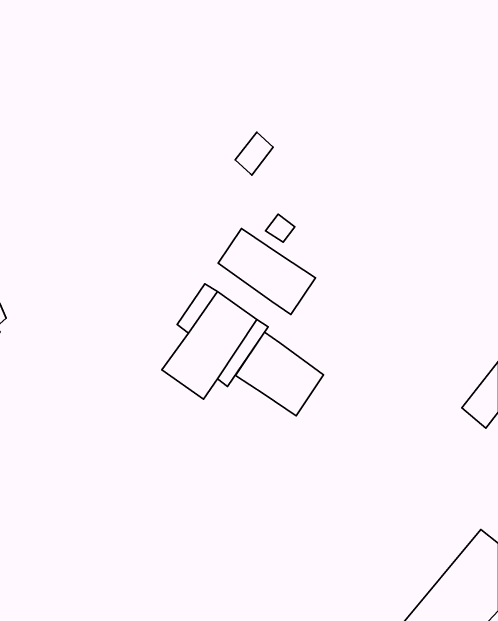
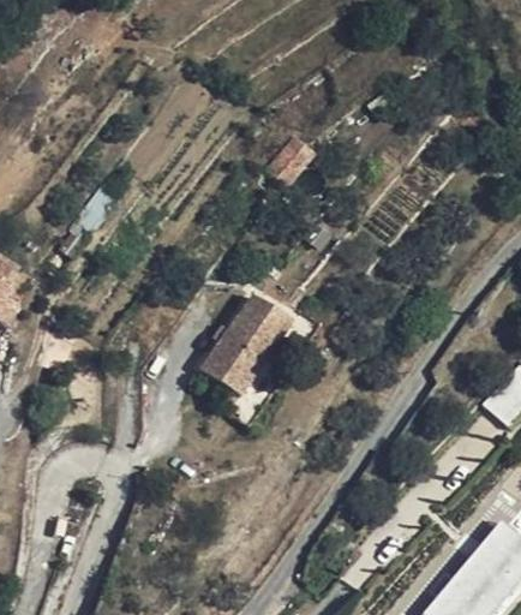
building: [218,228,316,314] -> none
building: [235,332,324,416] -> none

